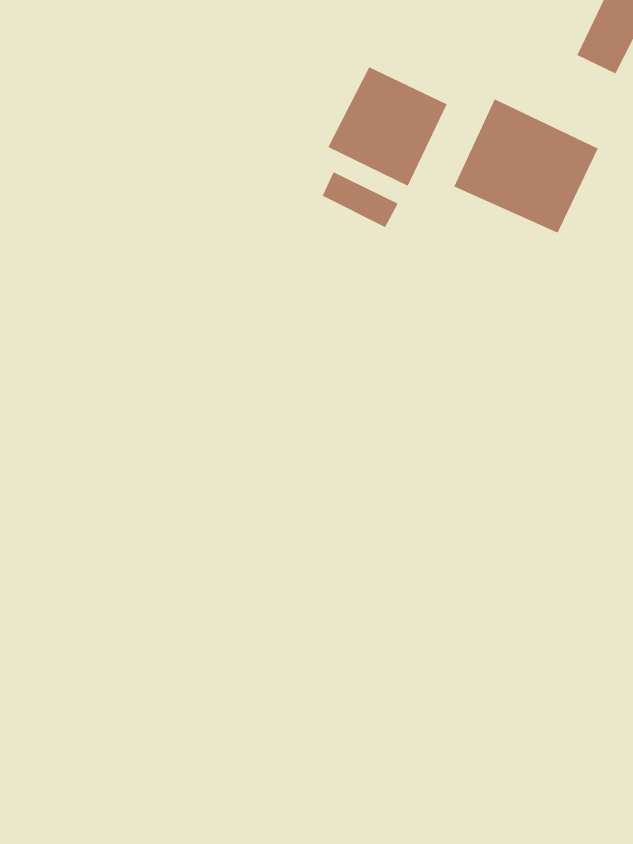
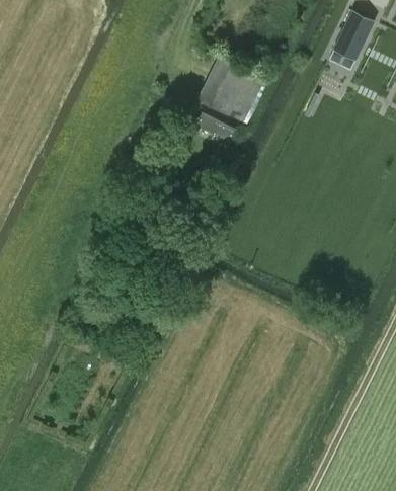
building: [453,98,599,234] -> none

